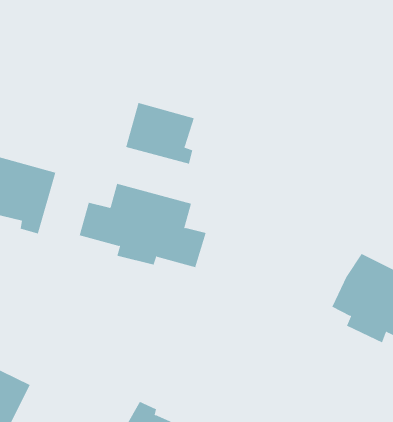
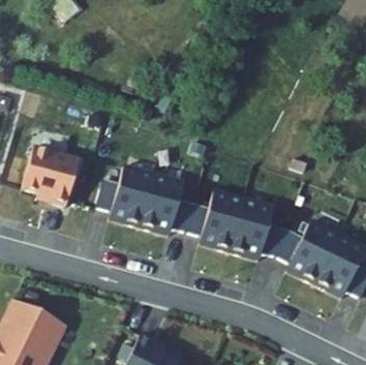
building: [126,102,195,164] -> none
building: none -> [185,190,301,261]

